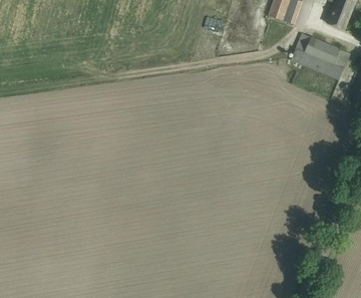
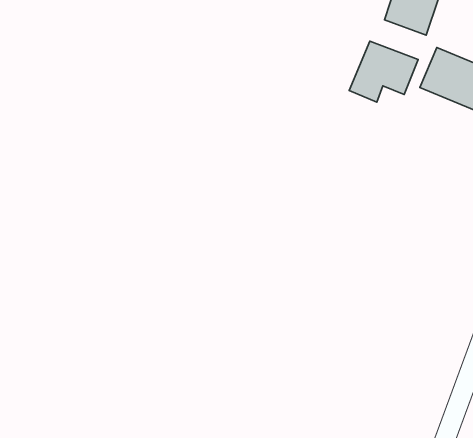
building: none -> [349,41,418,102]

